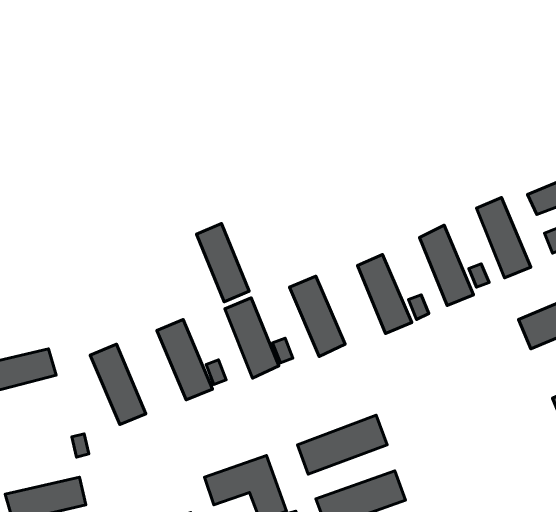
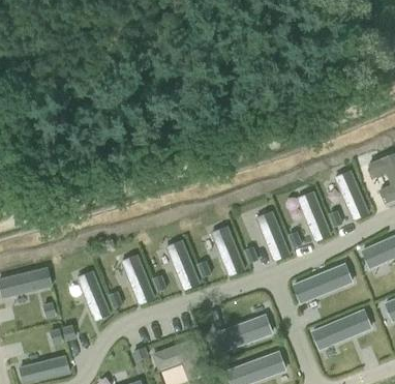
building: [196,224,249,302] -> none
building: none -> [291,264,351,304]
building: none -> [310,308,370,350]

